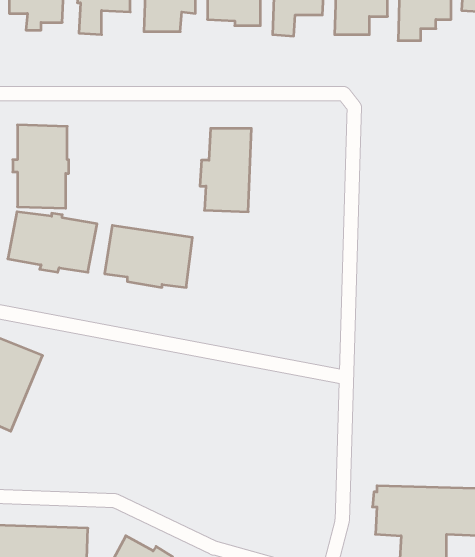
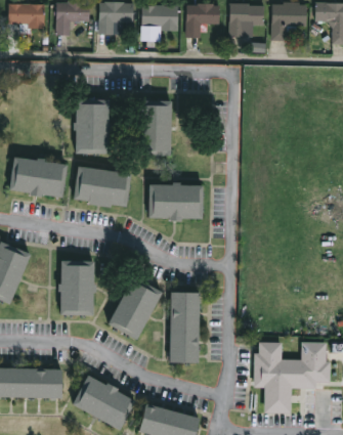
building: [13,125,69,208] -> [73,98,111,155]
building: none -> [148,182,204,222]
building: none -> [58,261,97,316]
building: none -> [108,277,162,340]
building: none -> [166,293,200,363]

